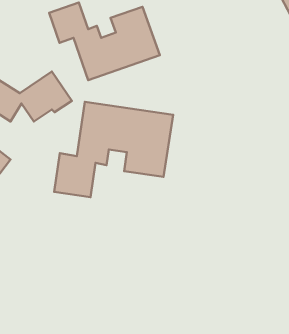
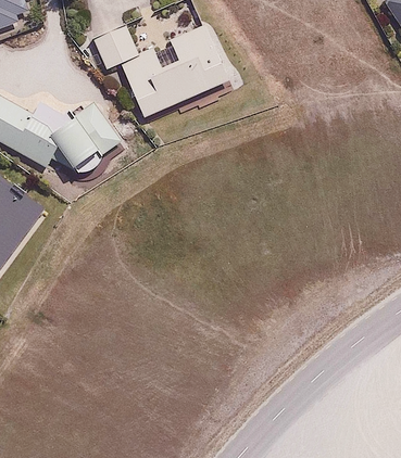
building: [54,102,173,197] -> none

